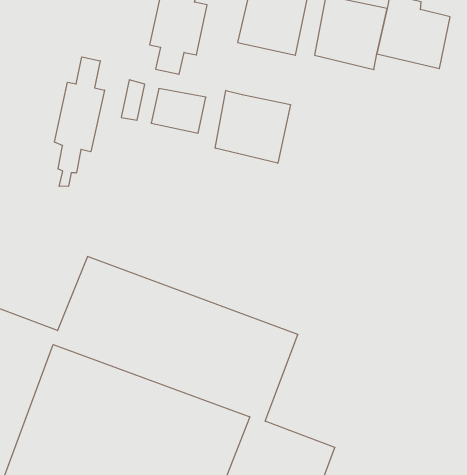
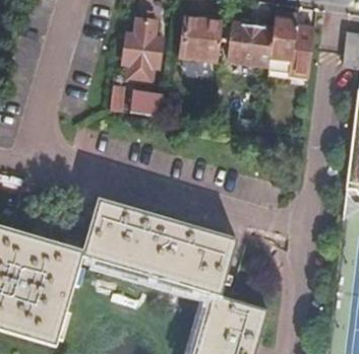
building: [55,57,104,186] -> none
building: [215,90,290,163] -> none

